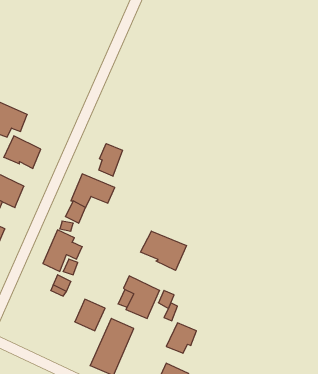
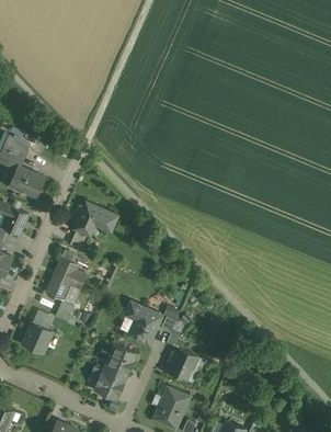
building: [99,144,122,176] -> none
building: [141,231,186,270] -> none
building: [75,299,105,331] -> [22,321,52,352]

